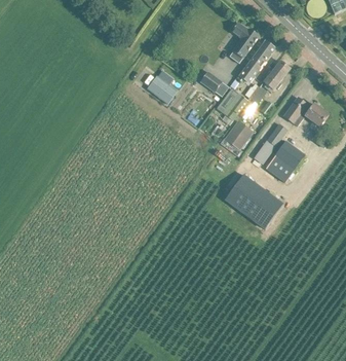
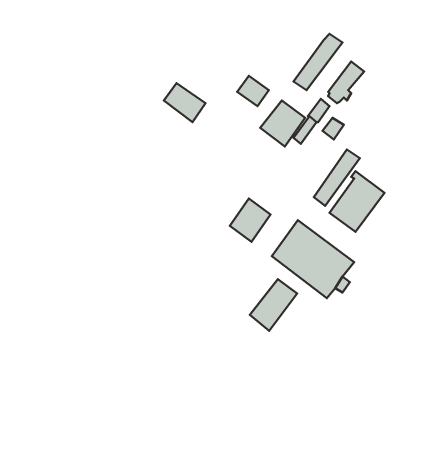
building: [230,22,260,62] -> none
building: [284,96,330,124] -> none
building: [225,118,254,149] -> [230,199,270,242]
building: none -> [250,279,297,331]

